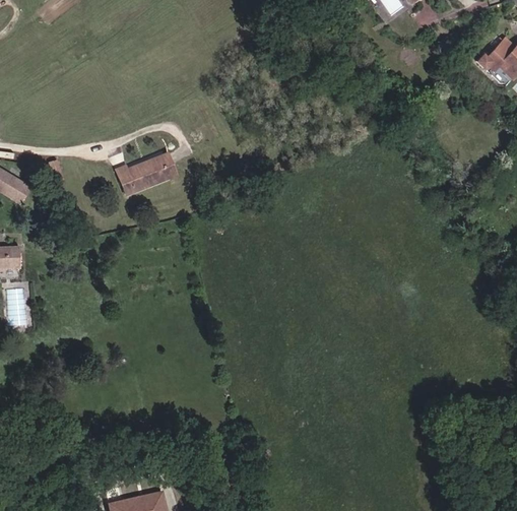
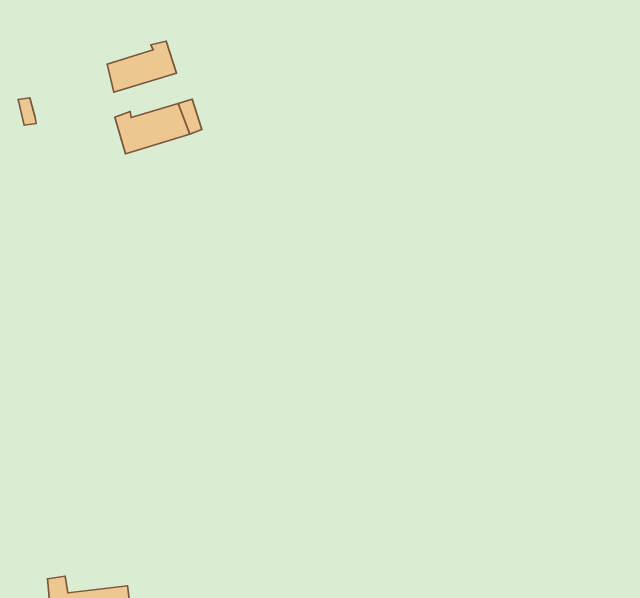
building: none -> [107,41,177,92]

